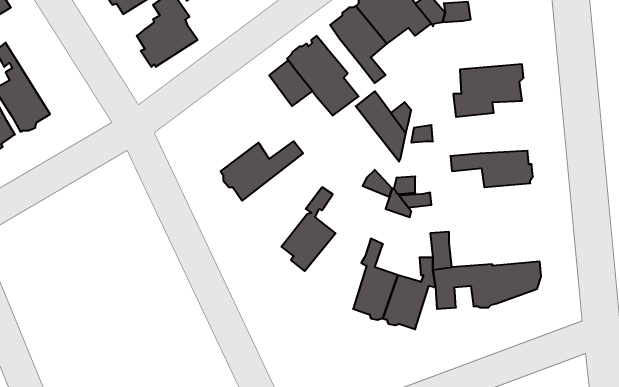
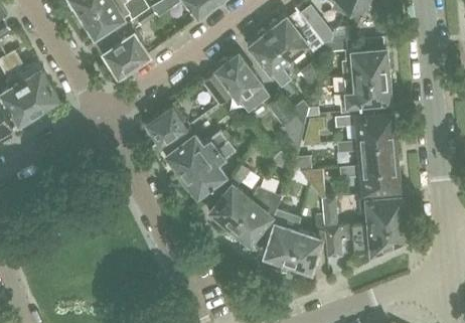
building: none -> [343,38,391,78]
building: none -> [6,53,59,112]
building: none -> [145,104,190,146]
building: none -> [335,113,397,141]
building: none -> [182,141,235,196]
building: none -> [339,163,401,191]
building: none -> [228,188,281,243]
building: none -> [360,197,404,224]

